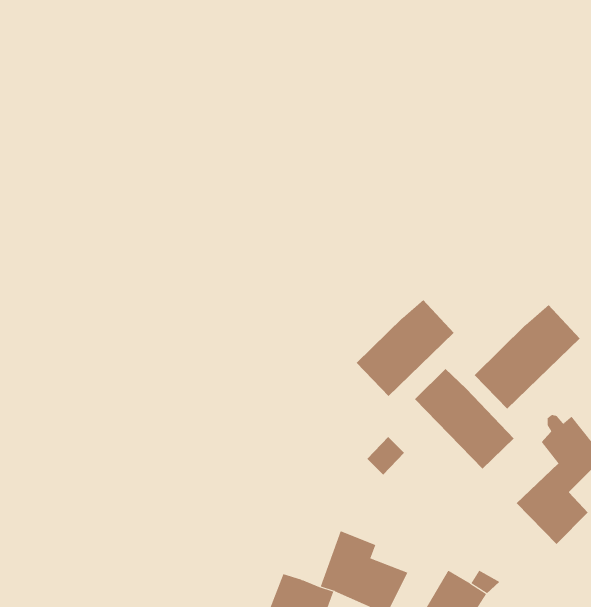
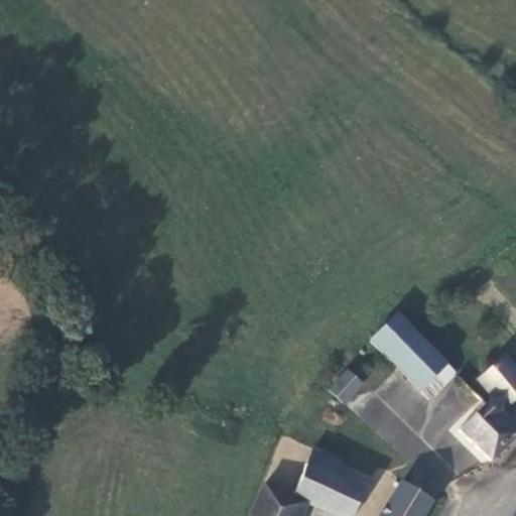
building: [356,299,455,397] -> none
building: [474,304,580,409] -> none

